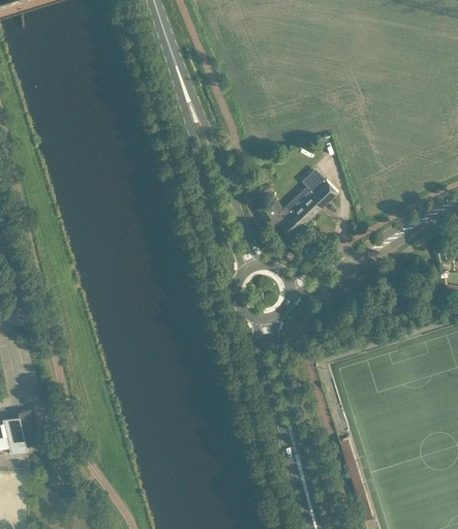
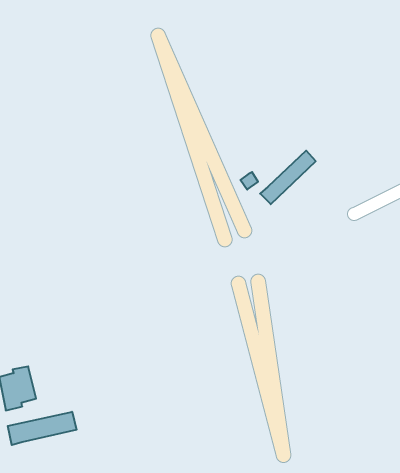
building: none -> [8,412,77,445]

